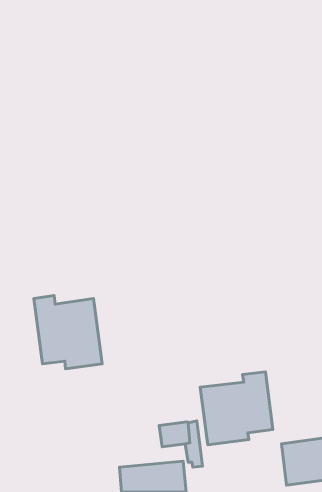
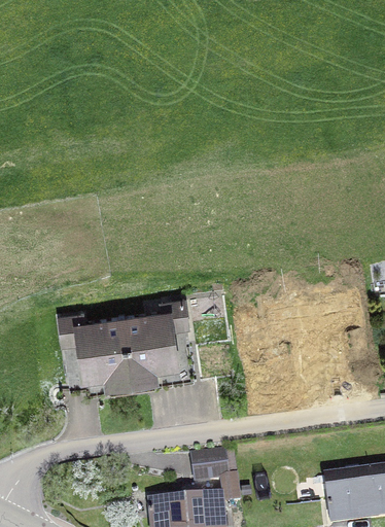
building: none -> [122,302,194,385]
building: [200,372,273,445] -> none

